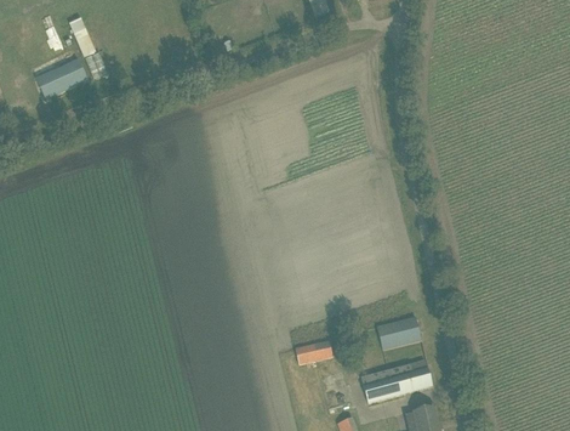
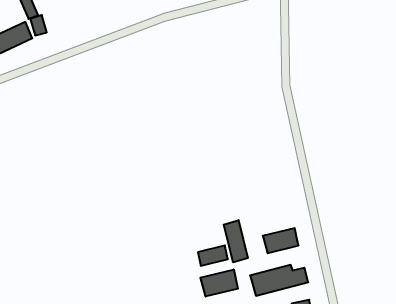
building: none -> [224,220,248,262]
building: none -> [200,269,238,297]

